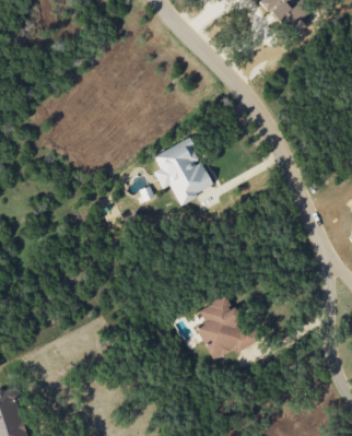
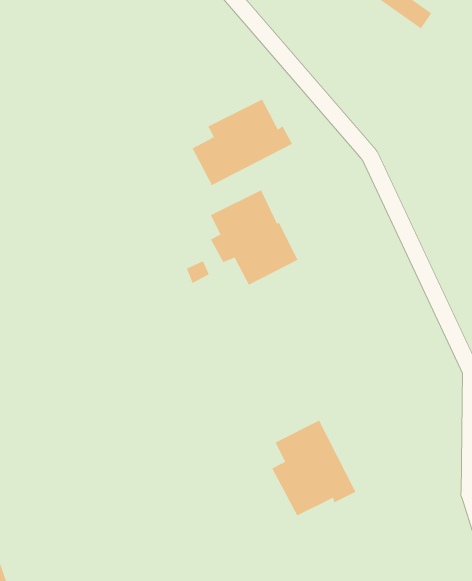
building: none -> [191,98,293,186]

